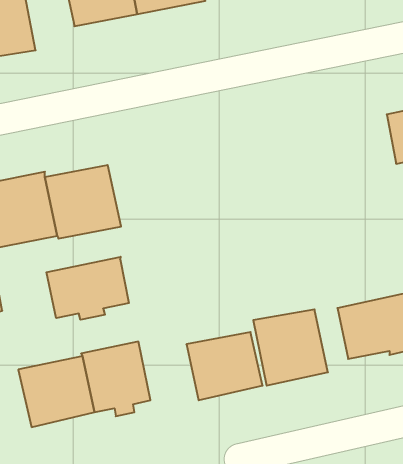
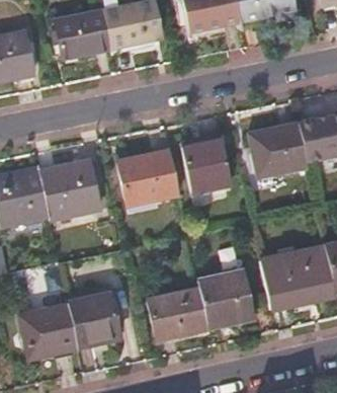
building: none -> [249,123,308,175]
building: none -> [178,129,230,182]
building: none -> [118,149,180,204]
building: [46,257,129,320] -> none

